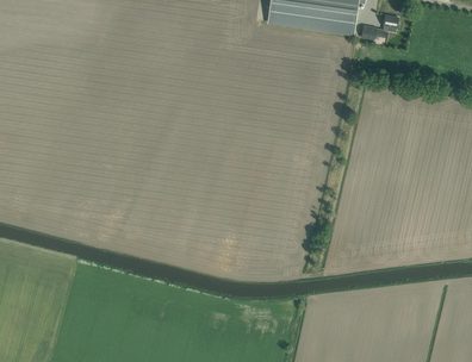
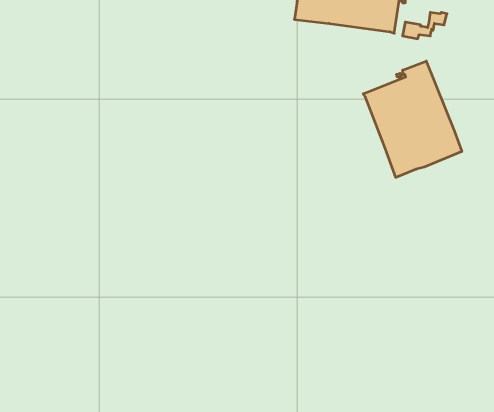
building: none -> [363,61,462,177]

